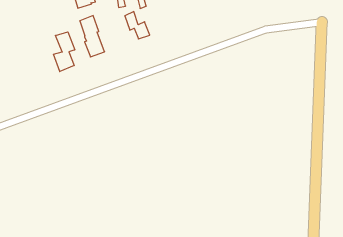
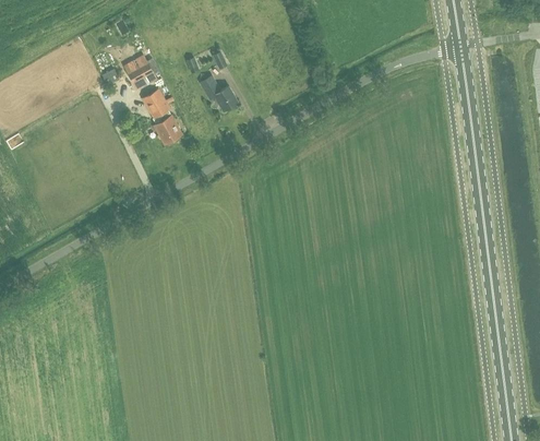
building: [54,32,75,72] -> none

